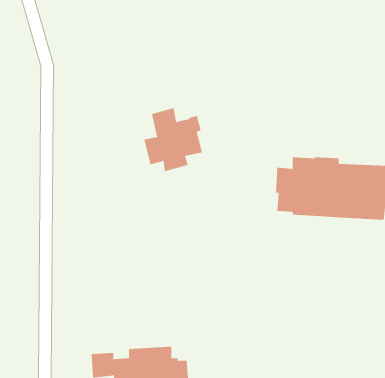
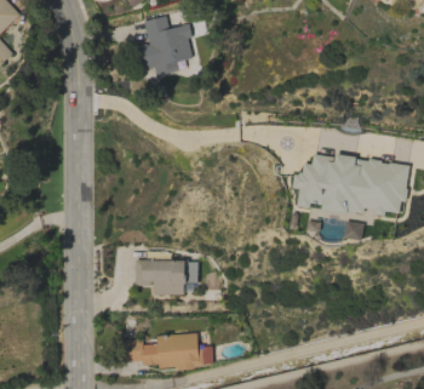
building: [143,107,203,172] -> [137,16,193,76]
building: none -> [134,259,197,294]

